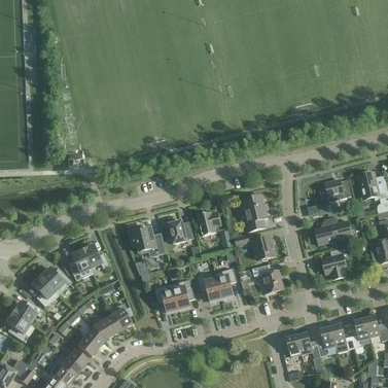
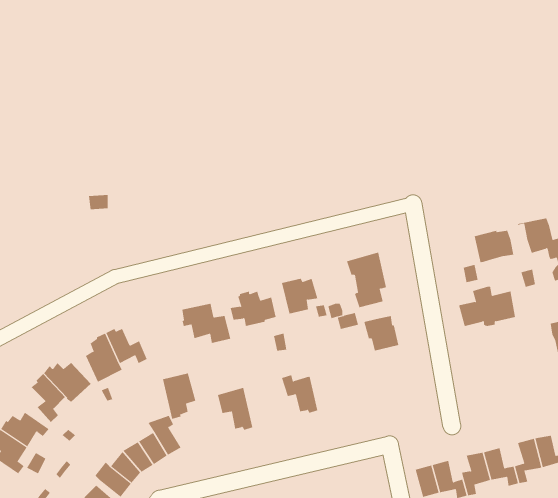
building: [322,246,346,278] -> none
building: [252,263,283,292] -> none
building: [215,268,236,298] -> none
building: [172,279,195,310] -> [162,373,196,420]

